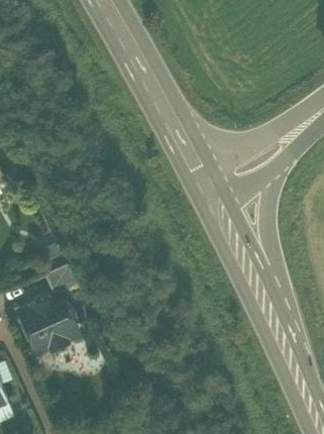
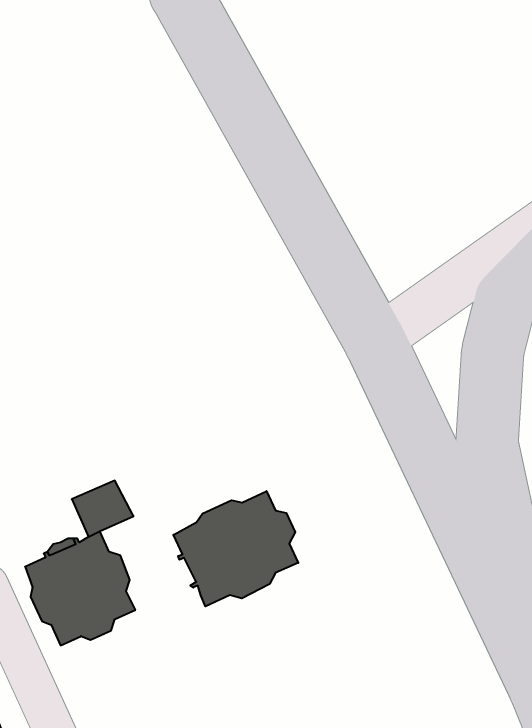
building: none -> [173,491,298,606]

